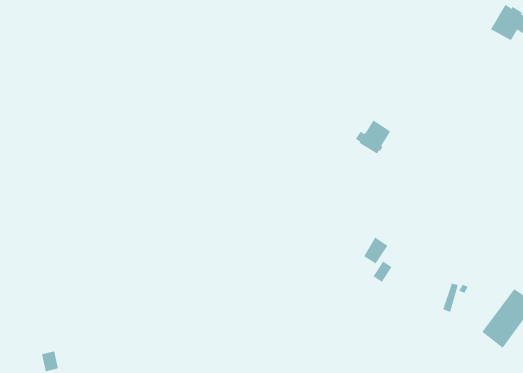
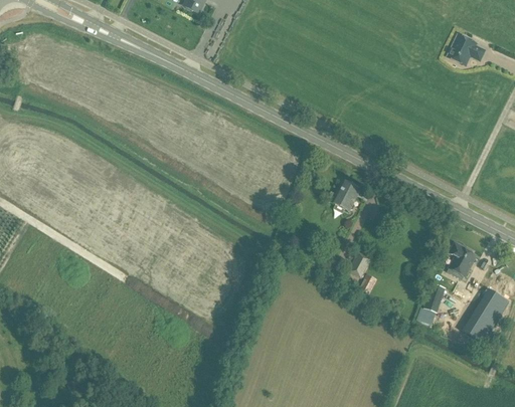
building: [355,119,391,154] -> [328,180,360,211]
building: none -> [448,243,476,279]

